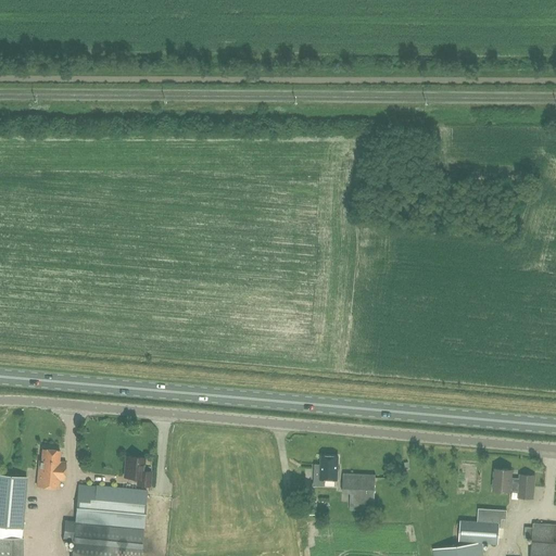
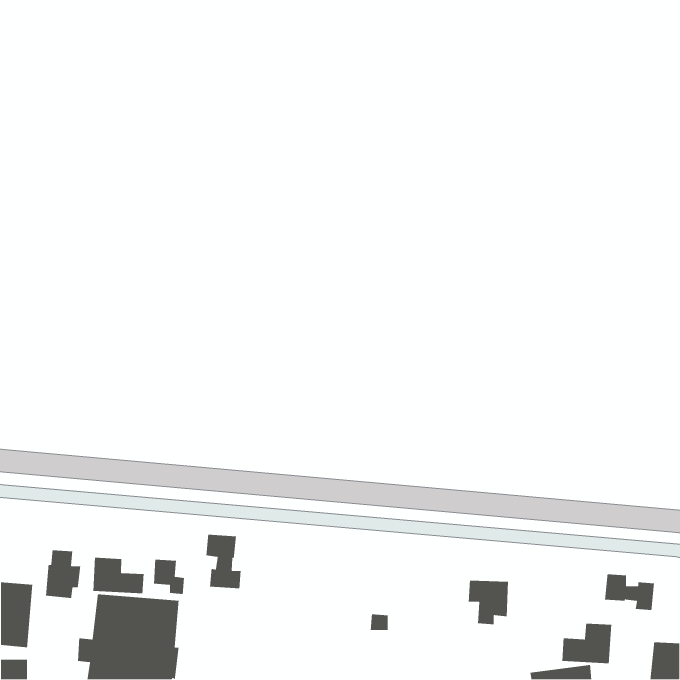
building: none -> [205,534,242,589]
building: none -> [93,557,144,594]
building: [314,456,338,485] -> none
building: [342,473,376,510] -> [468,580,509,625]

